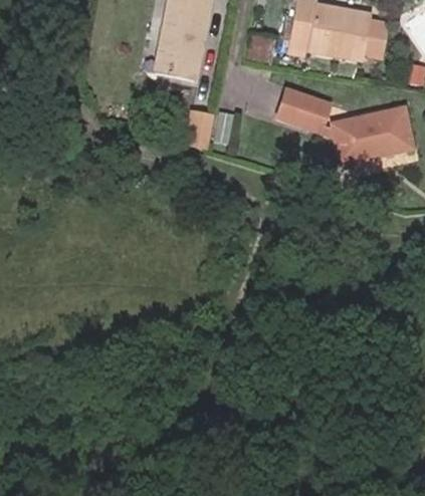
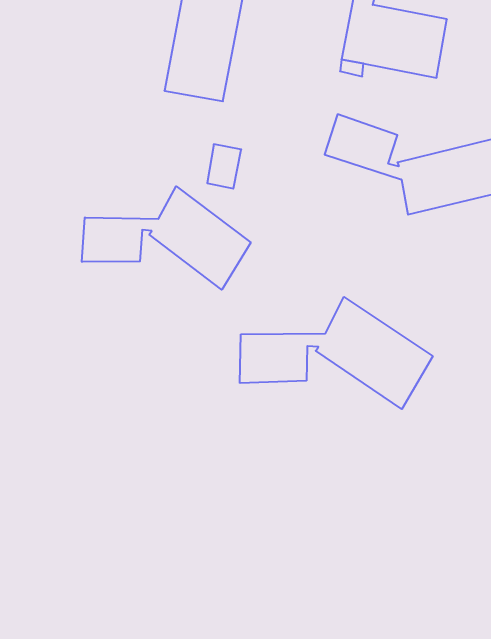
building: none -> [82,186,251,290]
building: none -> [240,297,433,409]

